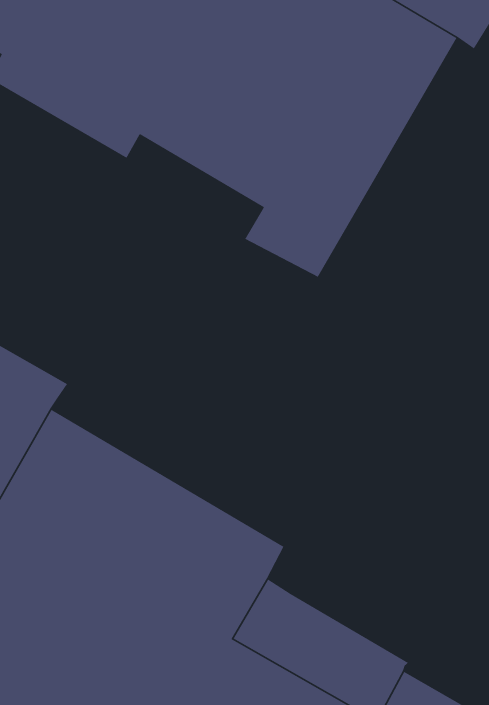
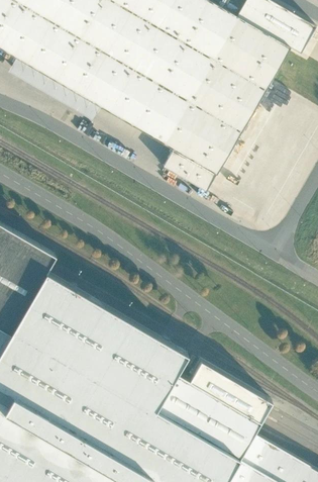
building: none -> [190,359,273,422]

